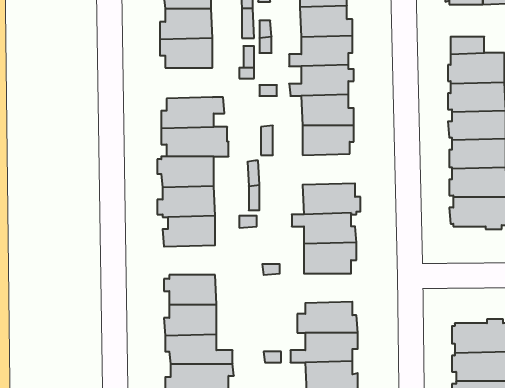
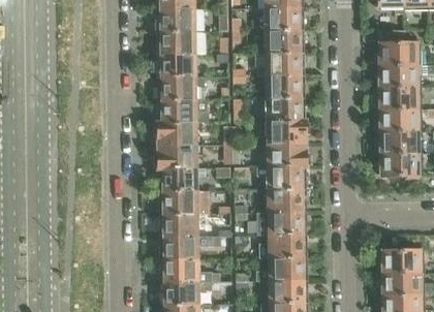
building: none -> [157,56,196,80]
building: none -> [266,122,310,146]
building: none -> [159,192,209,215]
building: none -> [258,214,307,237]

